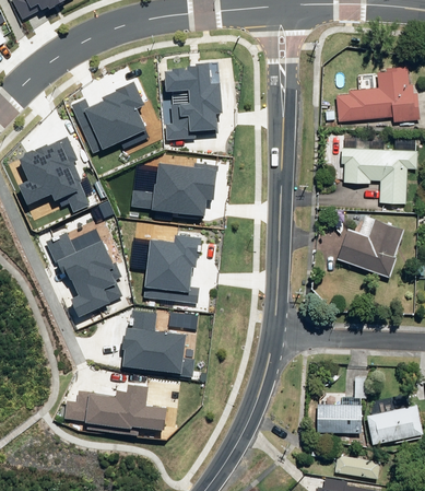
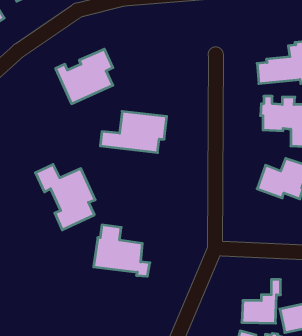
building: [164,61,224,139] -> none
building: [19,131,92,209] -> none
building: [142,232,201,305] -> none
building: [67,379,170,432] -> none

